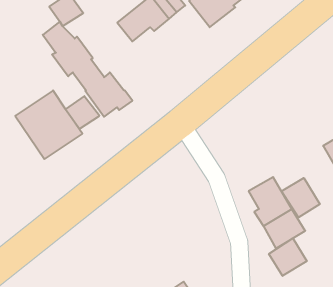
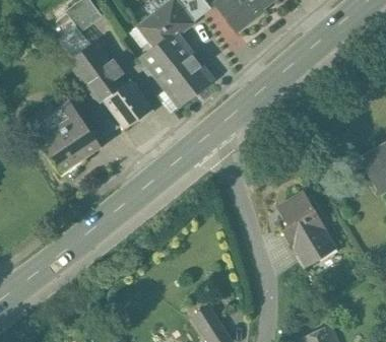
building: none -> [141,31,211,106]
building: [281,178,320,217] -> none
building: [269,238,307,276] -> none

